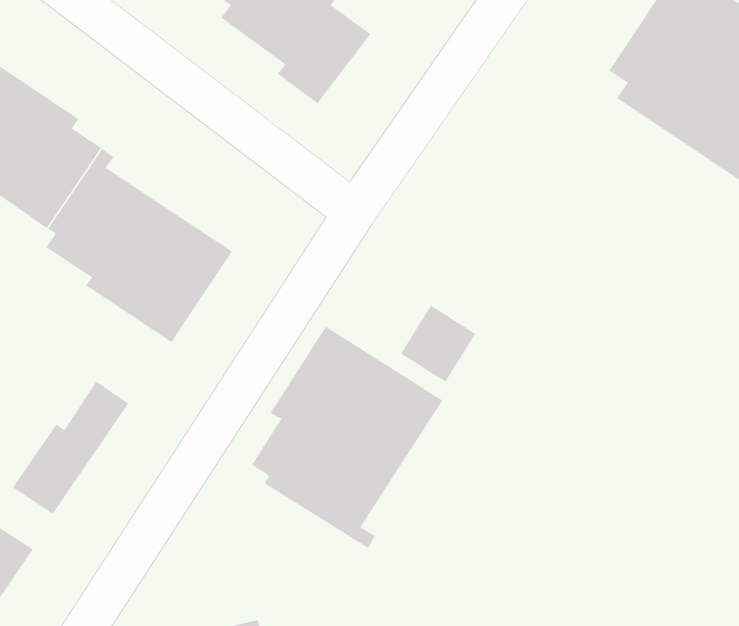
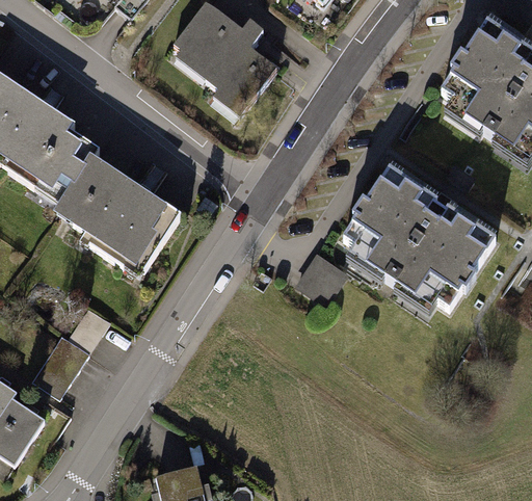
building: none -> [335,164,494,313]
building: [251,326,443,549] -> none

